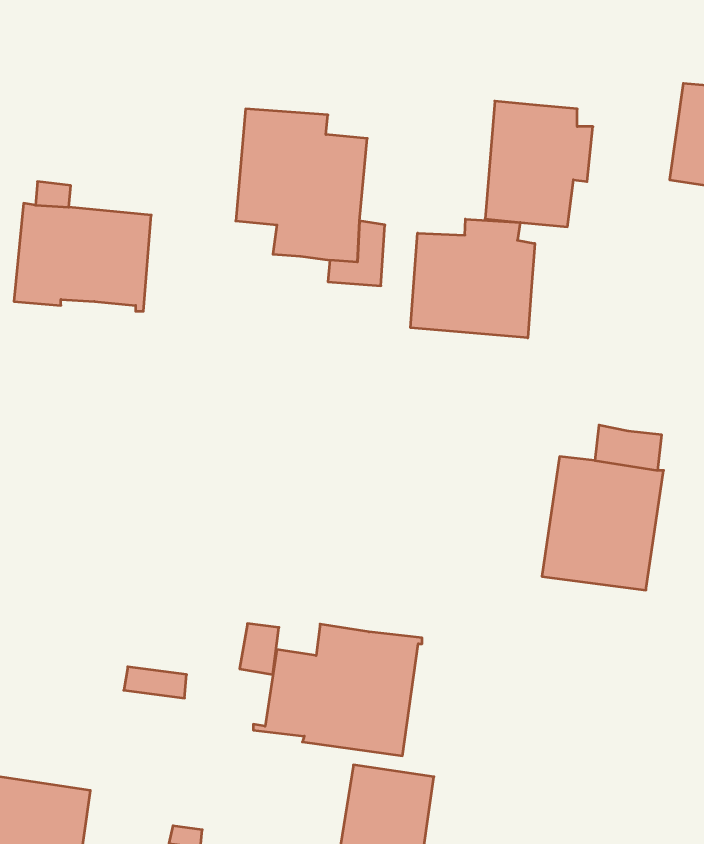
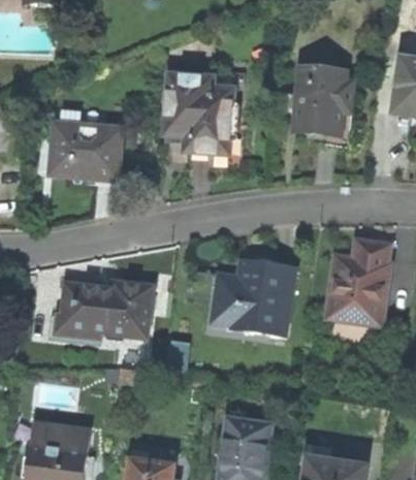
building: [411,219,535,338] -> none
building: none -> [60,284,150,339]
building: [253,624,422,756] -> [205,260,294,329]

